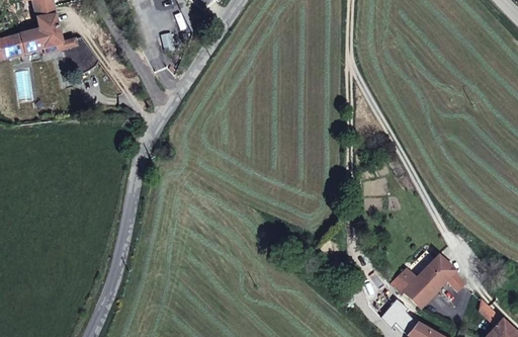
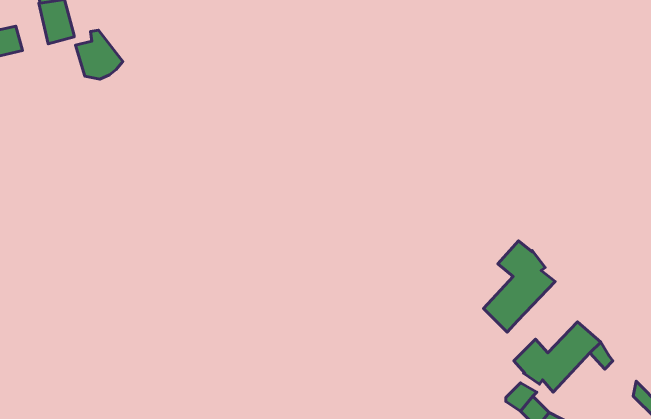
building: [19,28,44,53] -> none
building: none -> [483,241,555,332]

